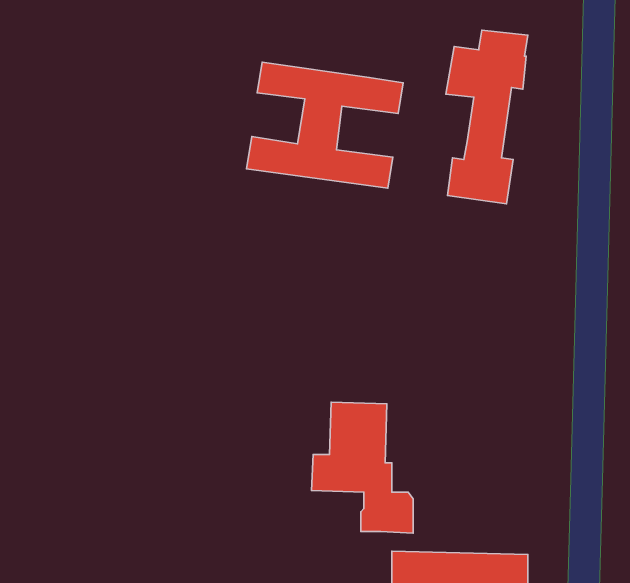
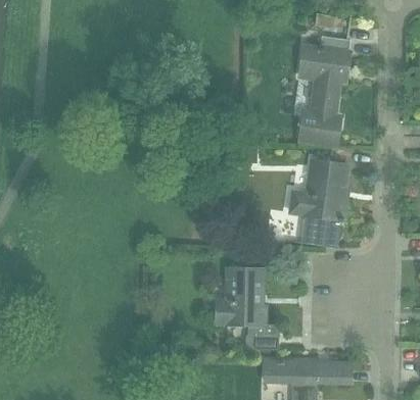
building: [247,62,403,188] -> none
building: none -> [290,160,346,248]

